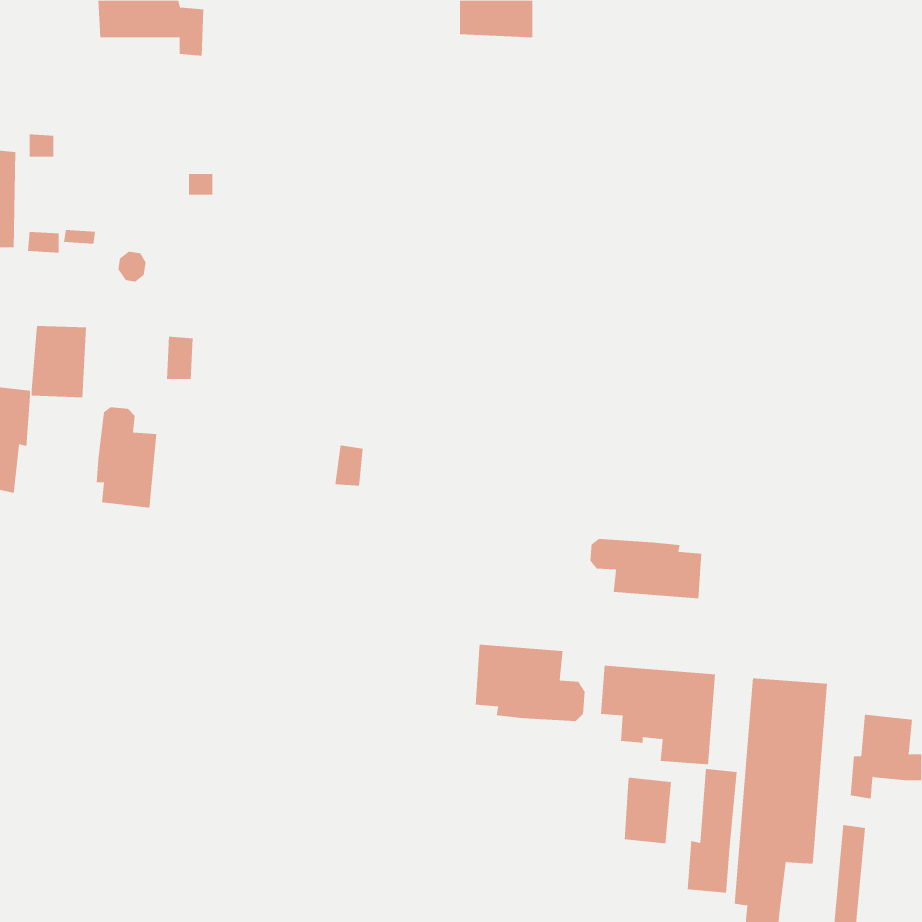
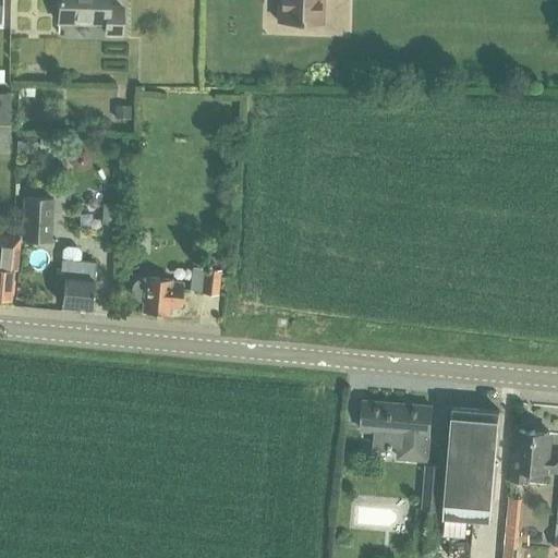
building: none -> [130,278,182,315]
building: [590,538,702,599] -> none
building: [475,644,585,722] -> none
building: [624,777,671,844] -> none

